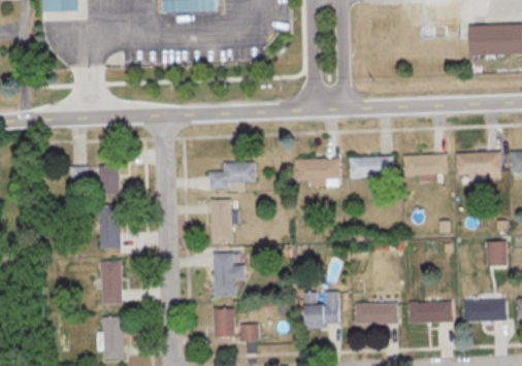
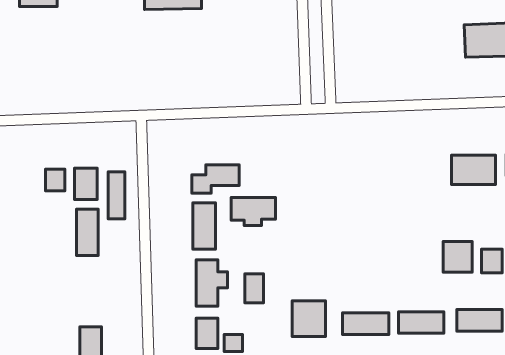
building: [405,155,447,176] -> none
building: [349,157,393,177] -> none
building: [297,159,339,186] -> [231,198,275,226]
building: none -> [108,172,125,219]
building: none -> [443,242,472,272]
building: [100,261,122,305] -> none
building: none -> [245,274,263,303]

